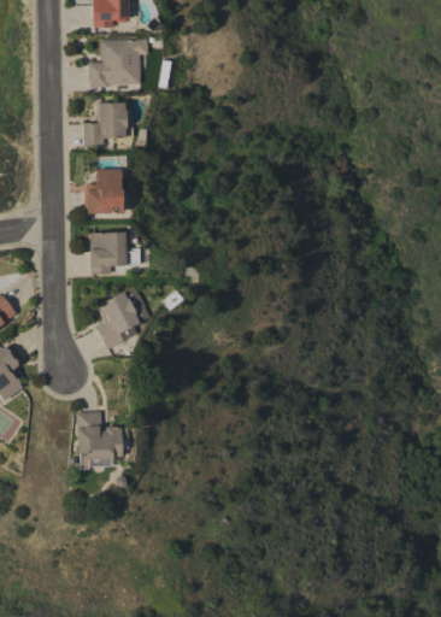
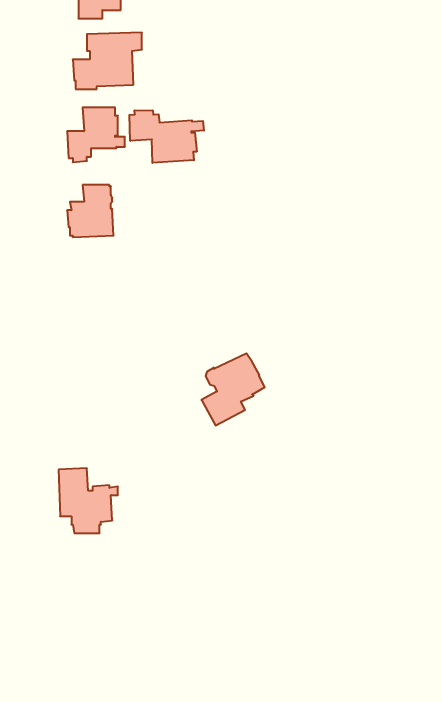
building: none -> [130,110,204,163]
building: [89,231,139,274] -> none
building: [95,287,149,348] -> [201,353,265,425]

